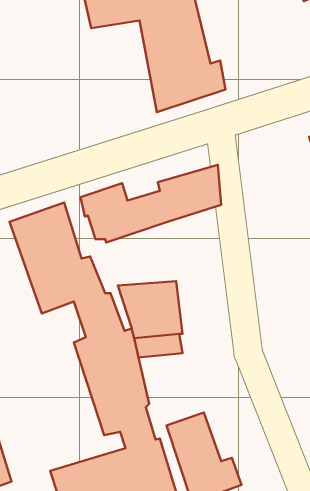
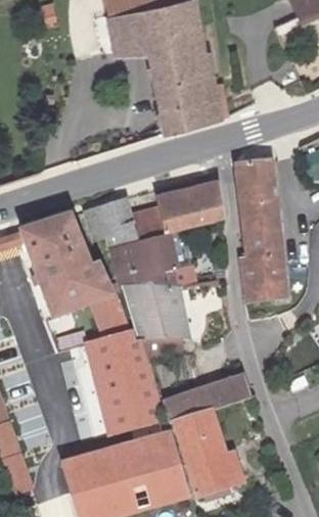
building: none -> [238,154,287,299]
building: none -> [115,233,209,293]
building: none -> [157,377,248,429]

